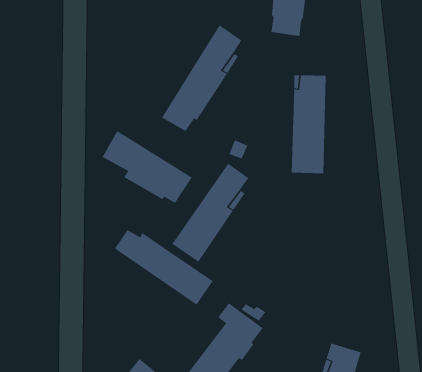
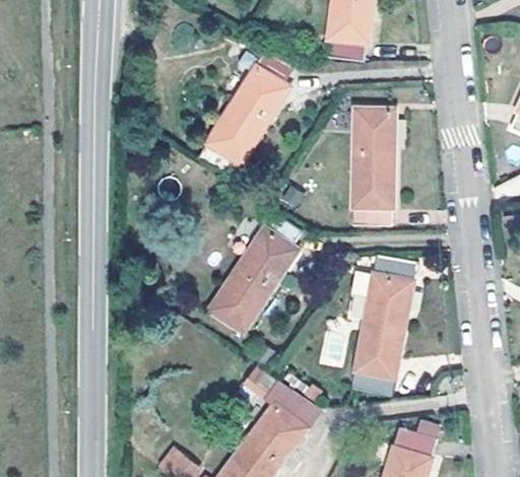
building: [102,130,192,204] -> none
building: none -> [351,254,416,394]
building: [114,229,214,306] -> none

